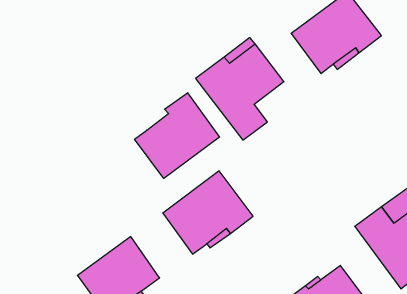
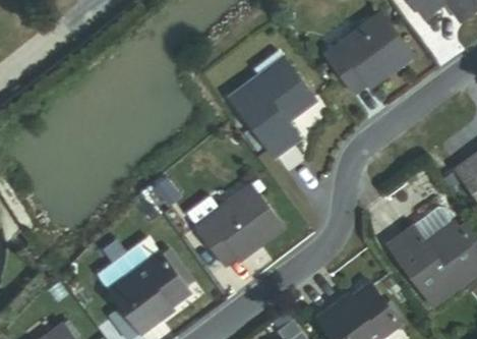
building: [135,93,220,178] -> none

